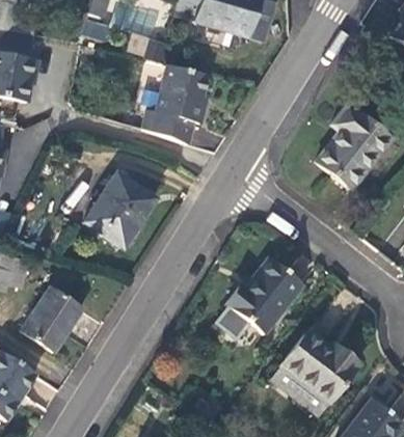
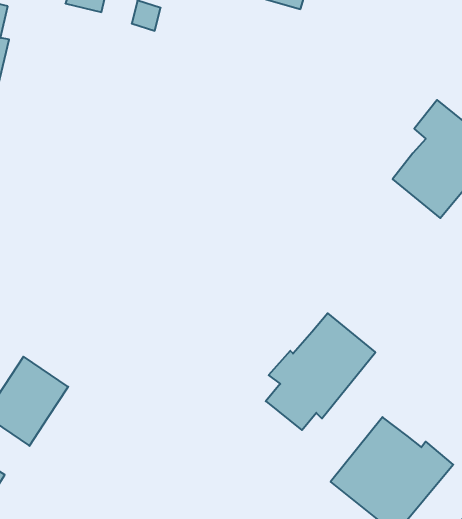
building: [141,64,209,143] -> none
building: [87,173,157,247] -> none

